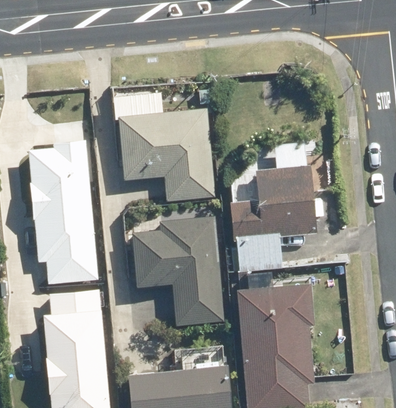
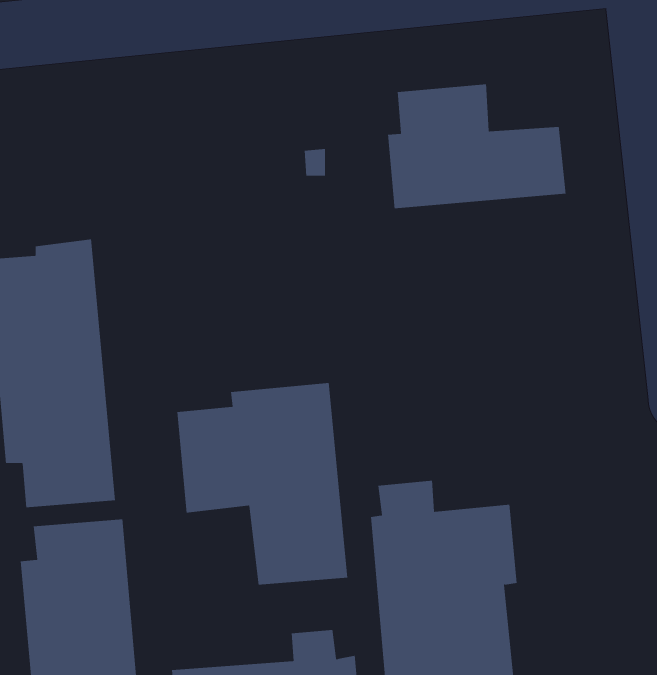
building: none -> [387,83,566,209]
building: [118,109,215,202] -> none
building: [230,166,317,272] -> none

